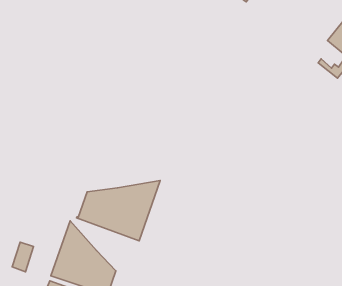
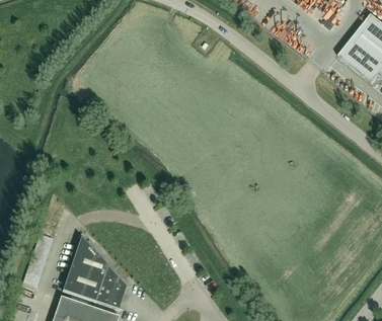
building: [77,181,160,241] -> none

